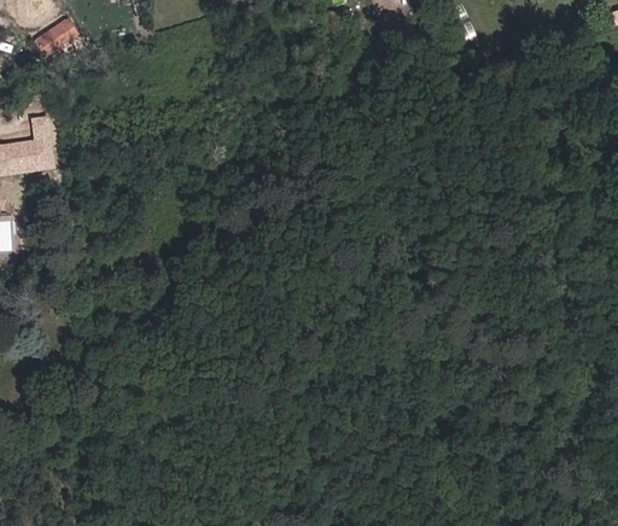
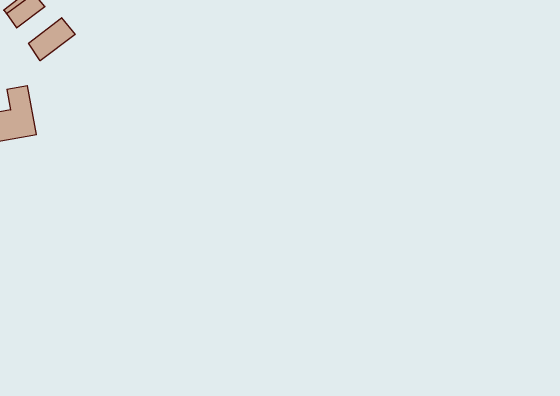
building: none -> [29,18,75,61]

